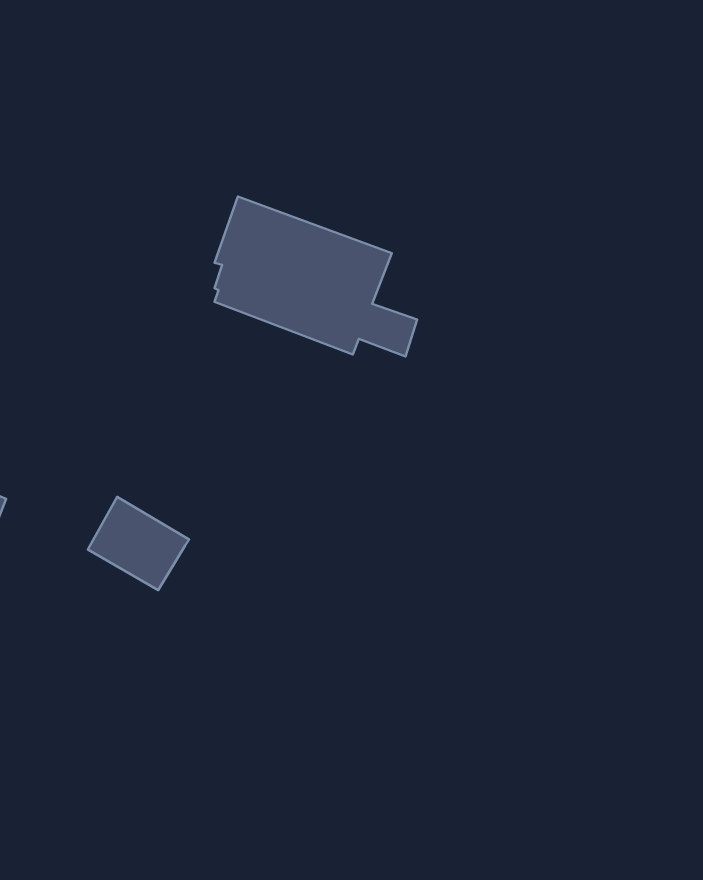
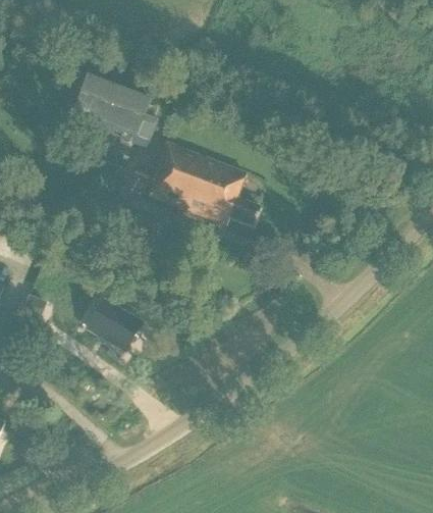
building: none -> [71,75,155,143]

